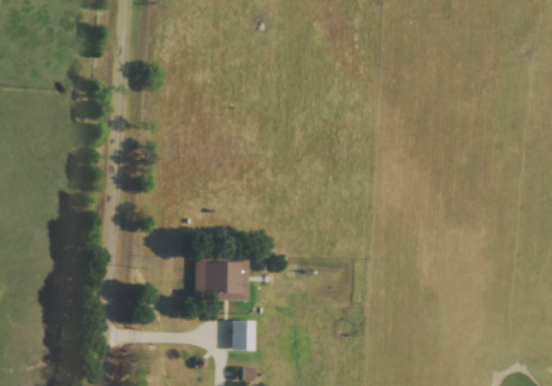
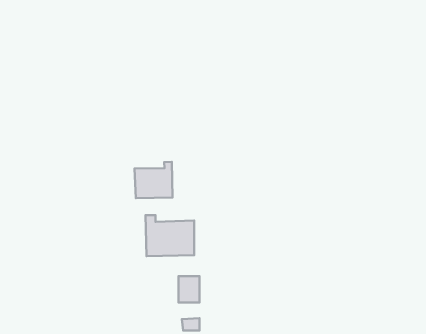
building: none -> [134,162,173,198]

